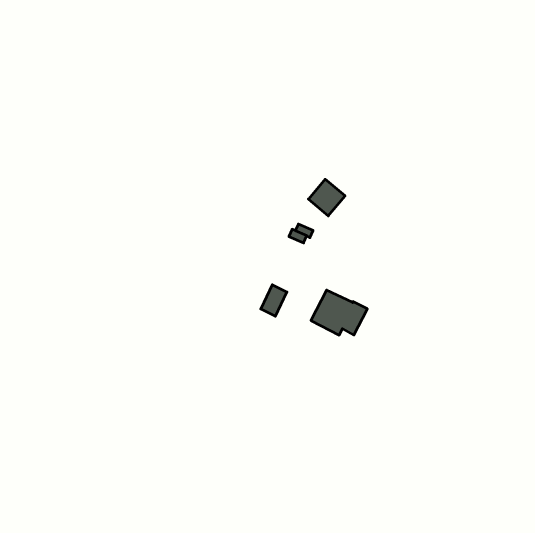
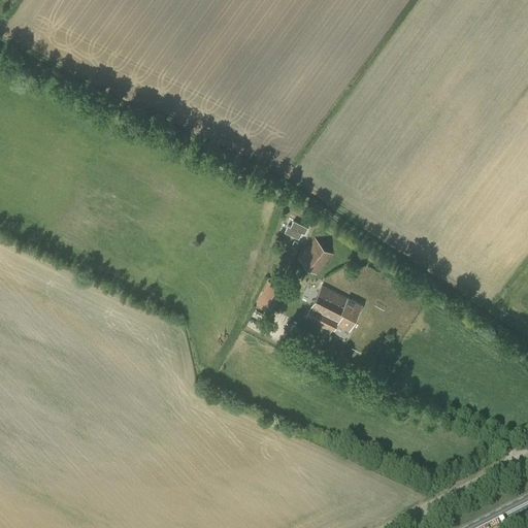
building: [308,179,345,216] -> [298,239,334,275]

